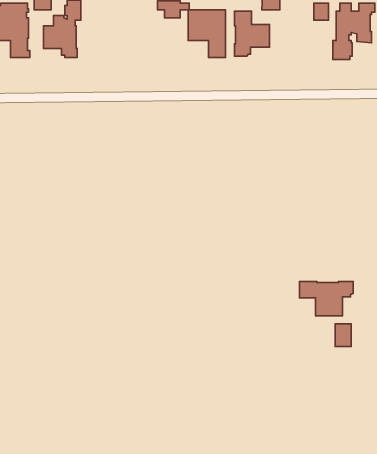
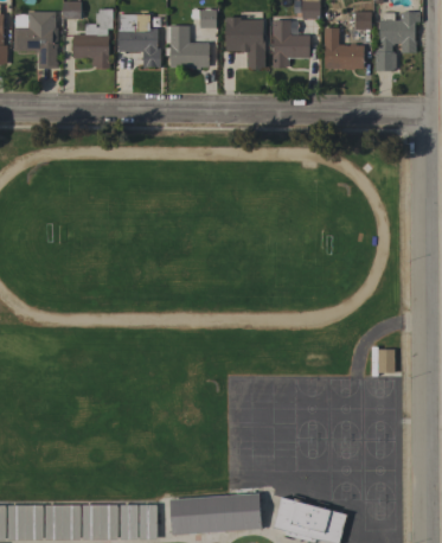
building: none -> [118,14,160,68]
building: none -> [169,26,209,69]
building: none -> [325,27,364,70]
building: [299,281,353,316] -> none

